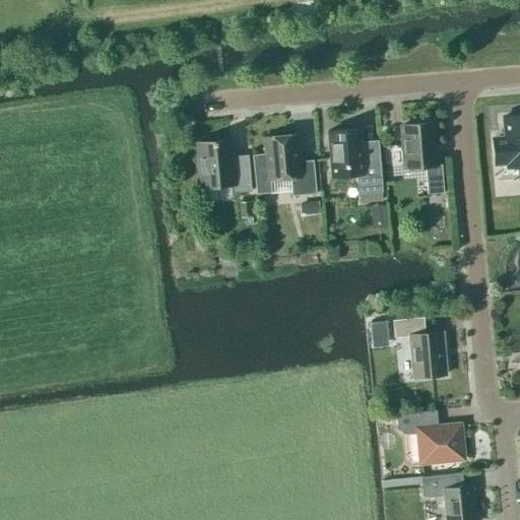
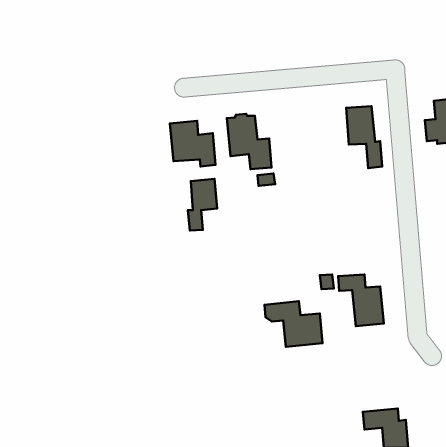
building: [329,130,383,204] -> none
building: none -> [188,179,217,230]
building: [397,411,464,464] -> [265,301,322,347]

